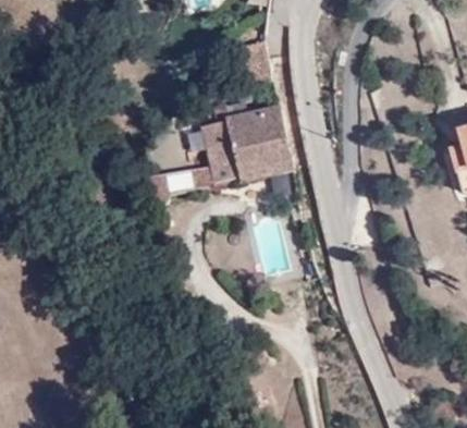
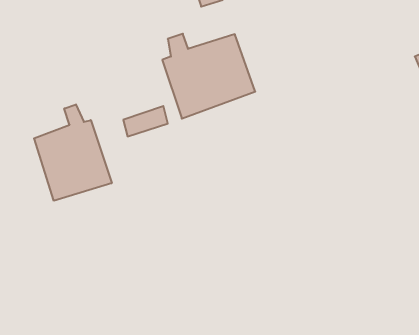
building: none -> [34,104,112,201]

